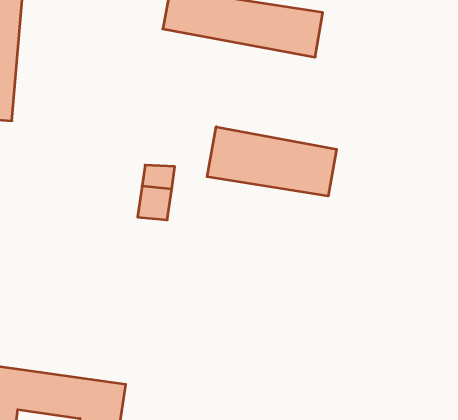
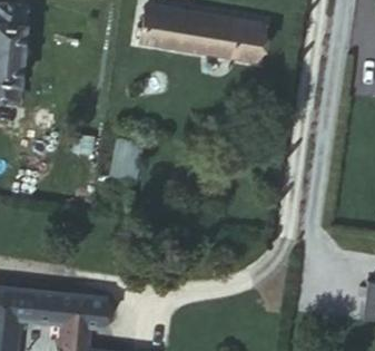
building: [207,127,337,196] -> none

